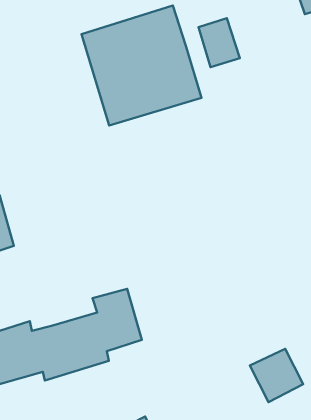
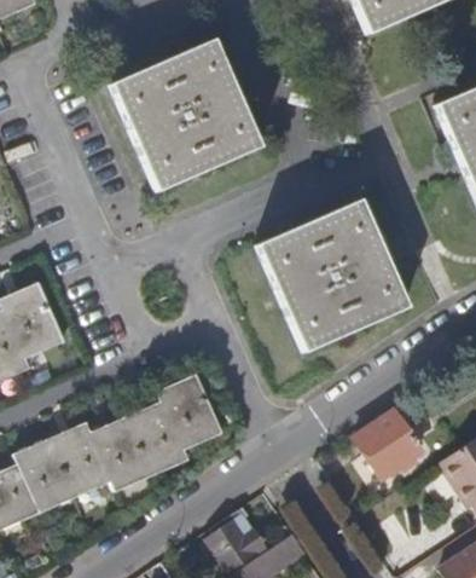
building: [198,18,240,67] -> none
building: none -> [257,201,401,347]

